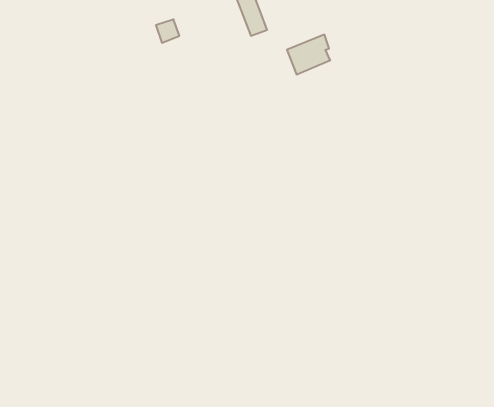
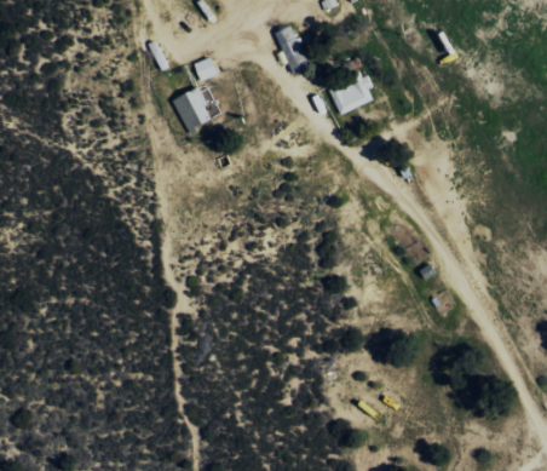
building: none -> [173,87,213,131]

